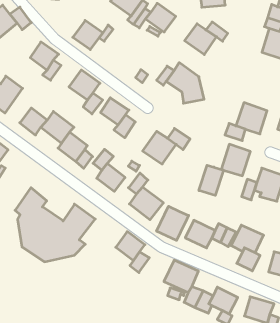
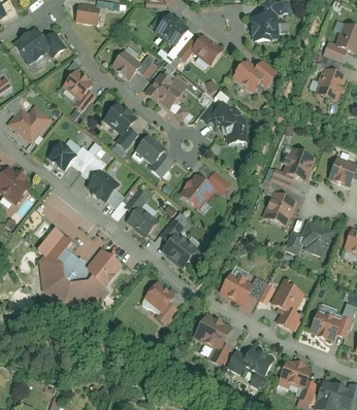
building: none -> [145,72,184,109]
building: [199,165,223,195] -> none
building: [157,206,189,240] -> none

